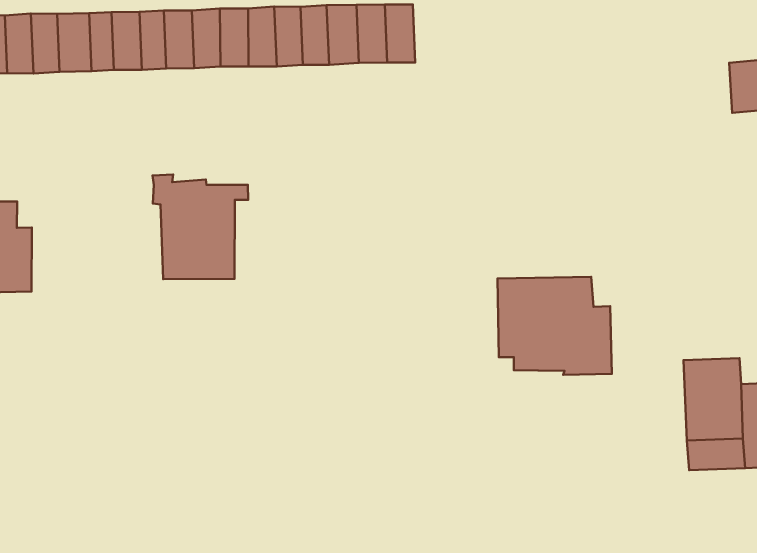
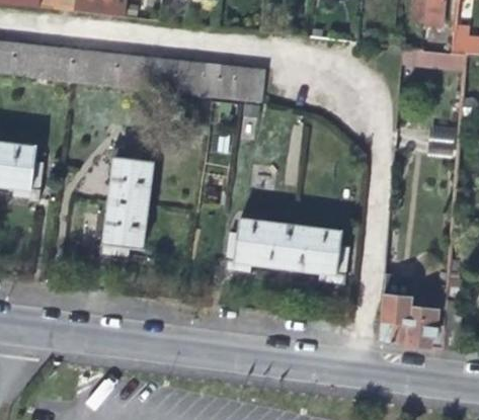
building: none -> [224,217,291,273]
building: none -> [99,199,151,256]

